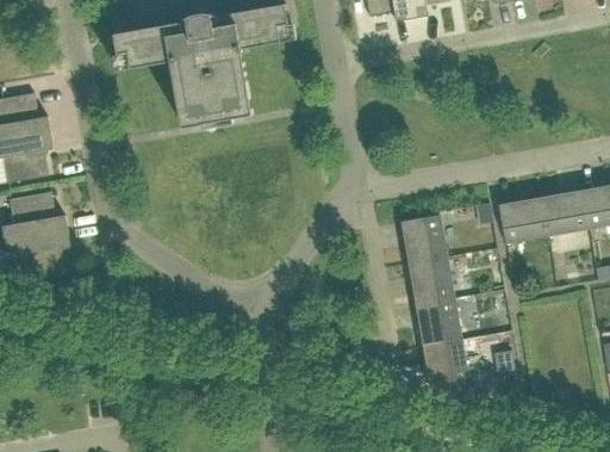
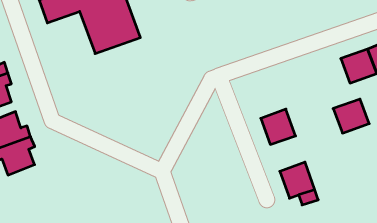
building: [498,196,547,241] -> [333,99,369,133]
building: [400,213,447,262] -> none
building: [415,297,461,345] -> none

